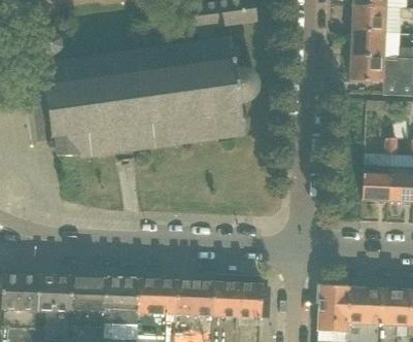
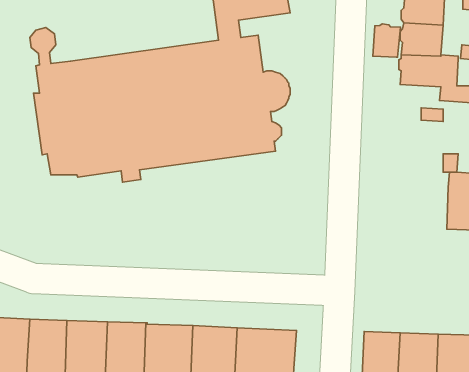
building: none -> [373,24,400,57]
building: [362,163,389,199] -> none

